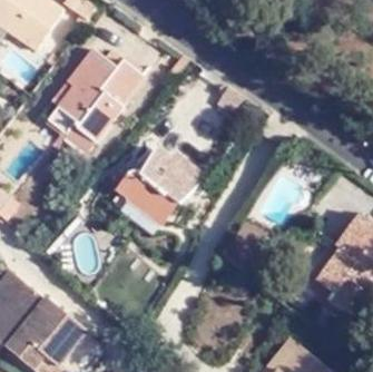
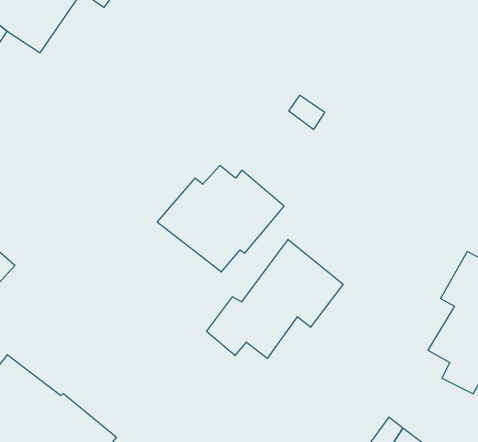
building: [47,49,145,151] -> none
building: none -> [207,239,343,358]

